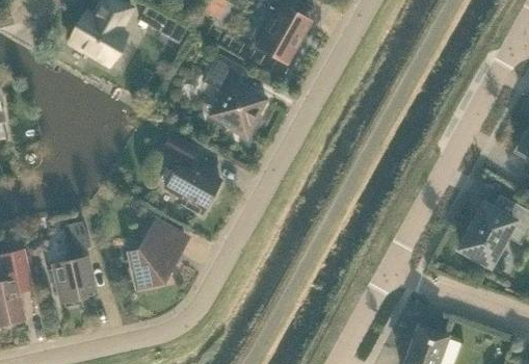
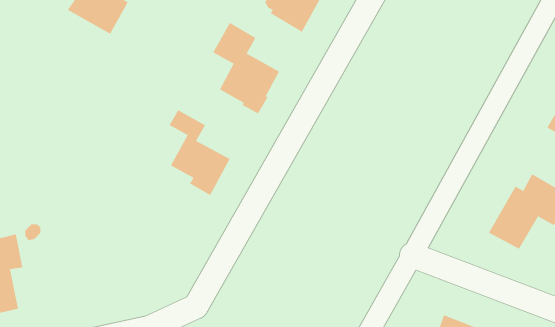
building: [131,219,185,289] -> none
building: [48,223,96,307] -> none

